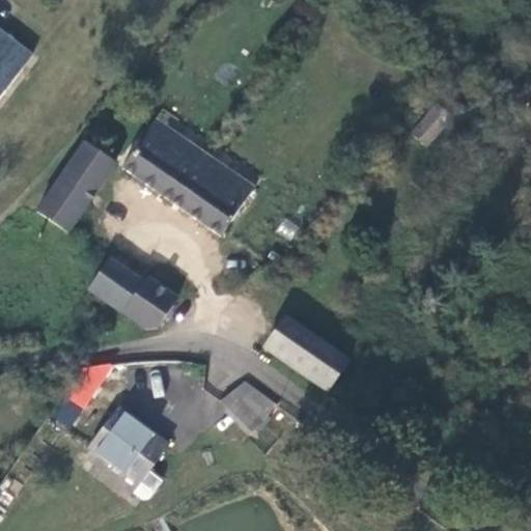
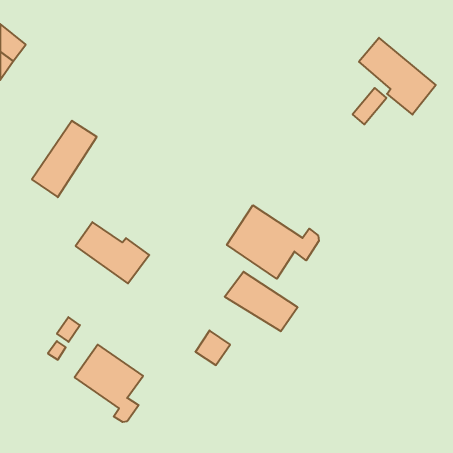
building: none -> [359,38,436,115]
building: [122,119,253,235] -> none
building: none -> [227,205,319,279]

